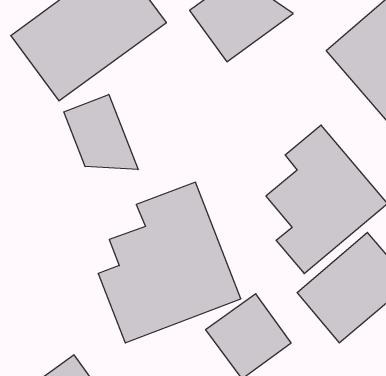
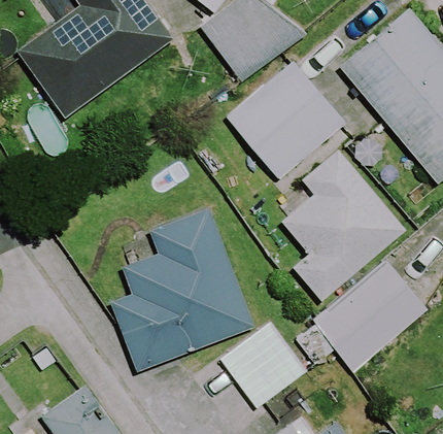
building: none -> [227,63,344,177]
building: [64,94,138,170] -> none

